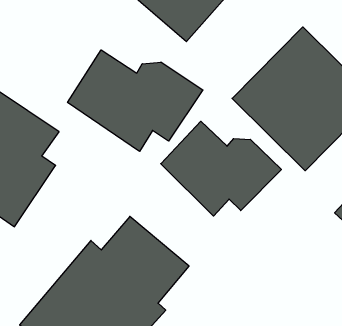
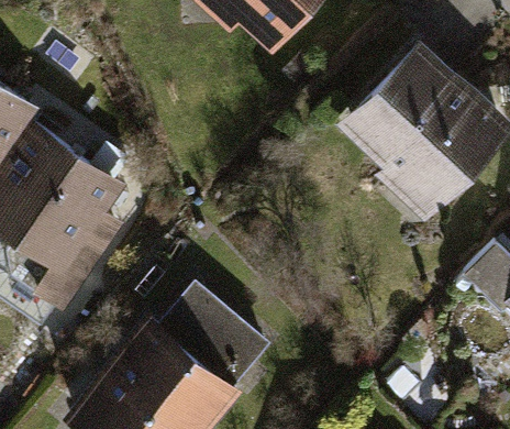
building: [68,50,203,151] -> none
building: [161,121,281,216] -> none

